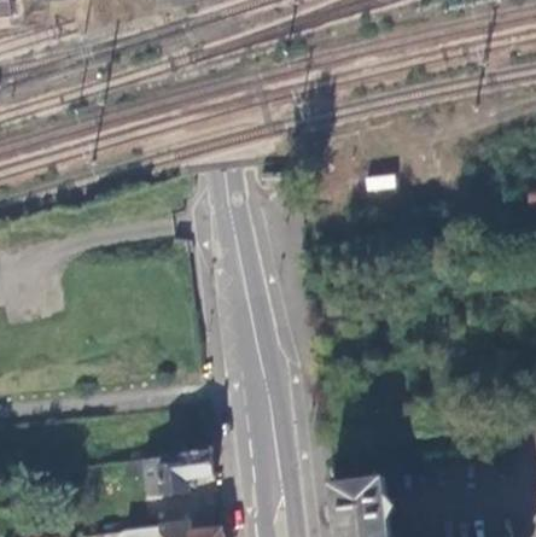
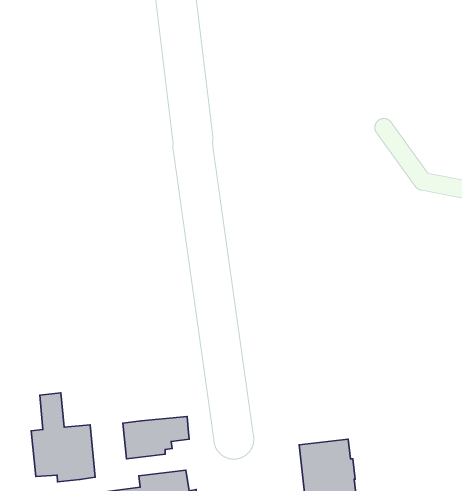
building: none -> [31,393,95,482]

